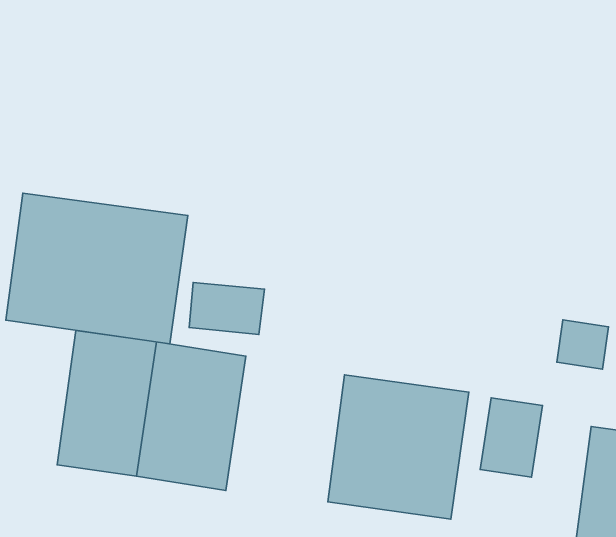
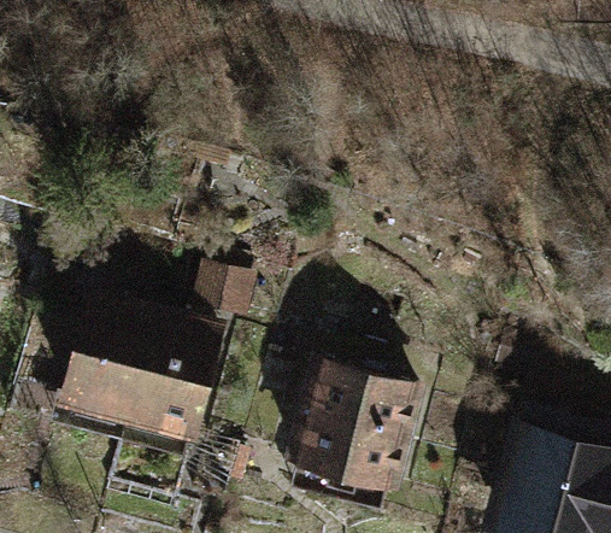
building: [6,193,188,344] -> none

